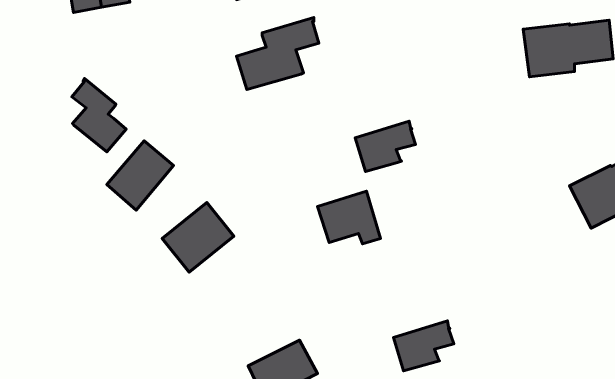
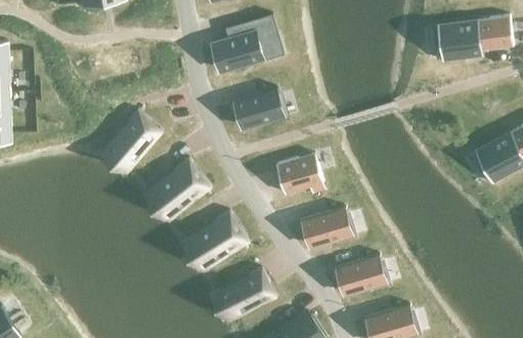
building: [72,78,126,152] -> none
building: [355,121,416,171] -> [233,88,281,128]
building: none -> [302,207,349,247]
building: none -> [189,214,248,268]

